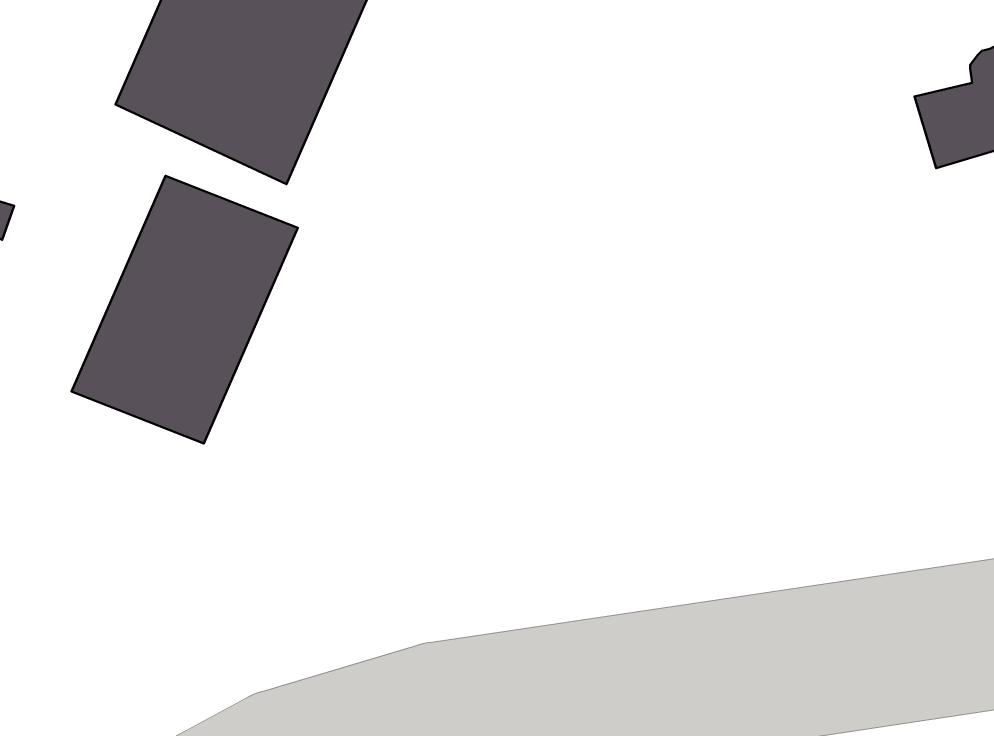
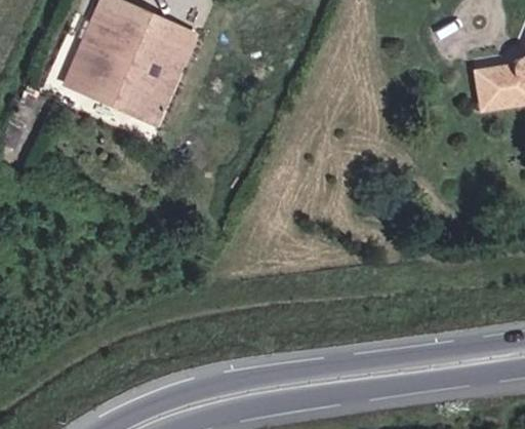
building: [72,176,298,444] -> none

